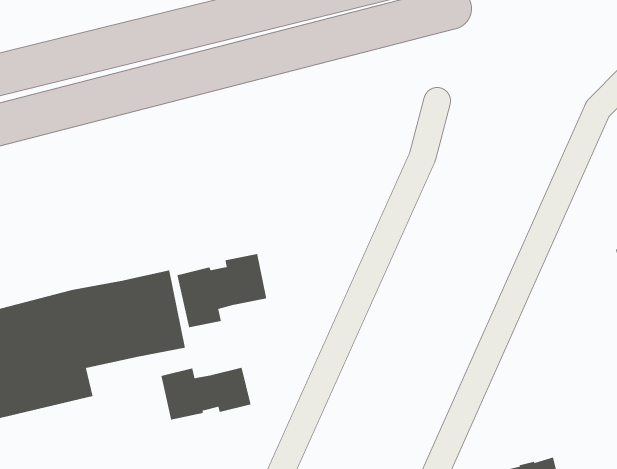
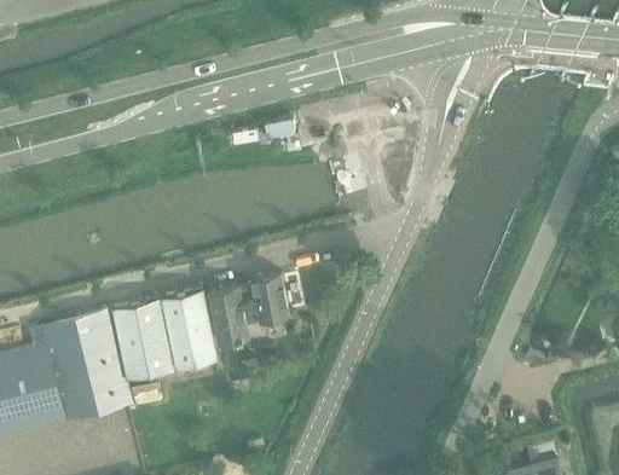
building: [160,367,251,421] -> none

